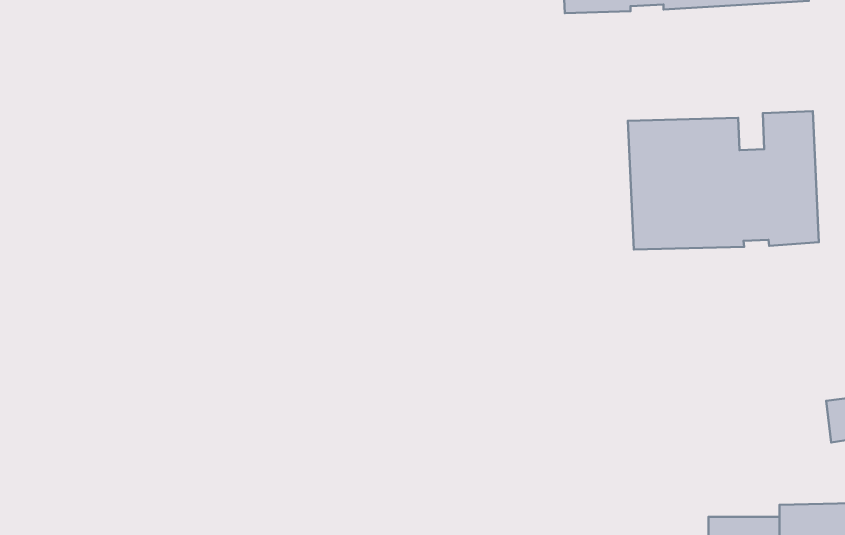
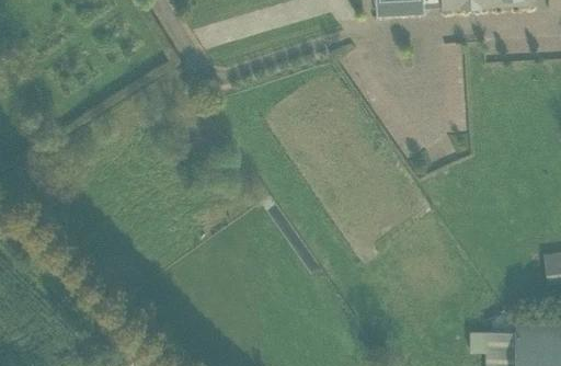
building: [628,111,819,250] -> none

